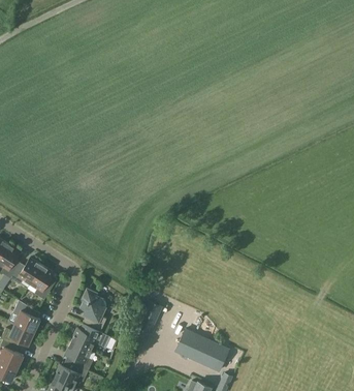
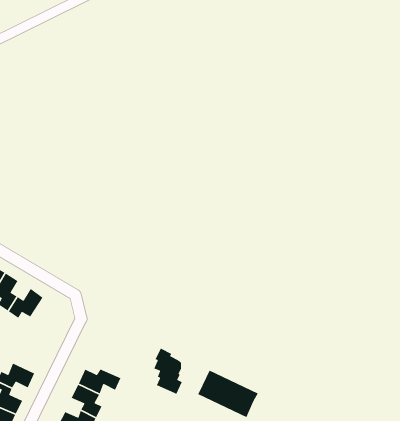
building: [30,266,54,300] -> none
building: [81,289,106,330] -> [153,348,183,395]
building: [11,300,40,332] -> none

